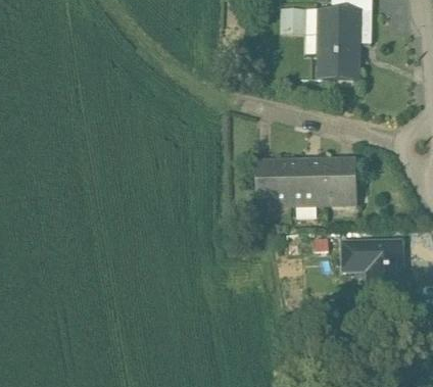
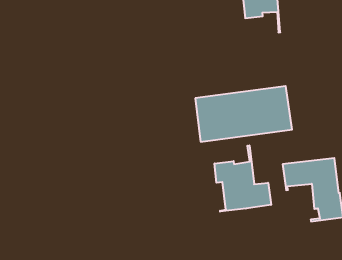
building: none -> [215,145,271,212]

